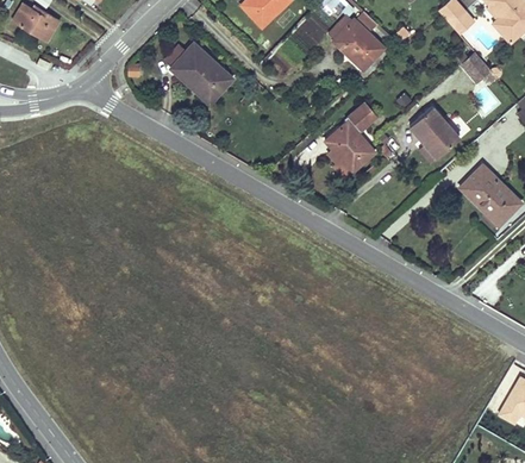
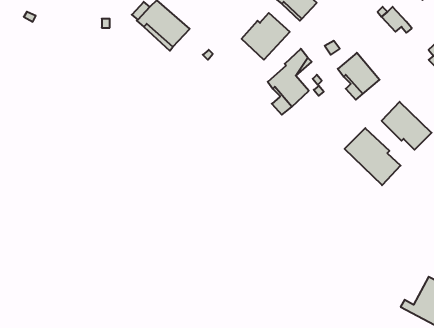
building: none -> [242,13,290,60]
building: none -> [345,128,401,185]

